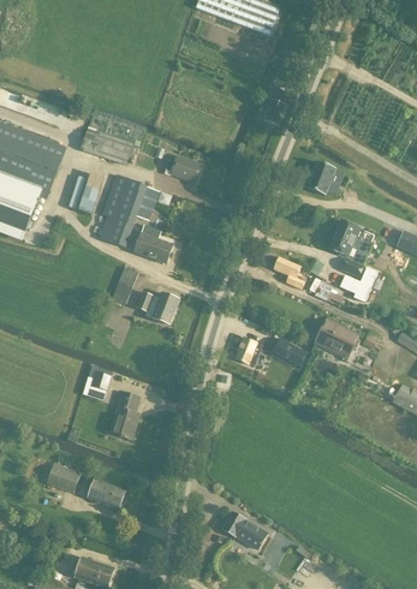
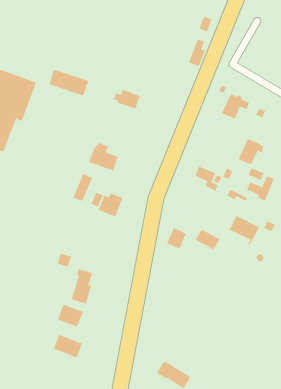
building: [67,172,103,214] -> none
building: [97,174,159,248] -> none
building: [46,462,81,492] -> [57,304,84,327]

